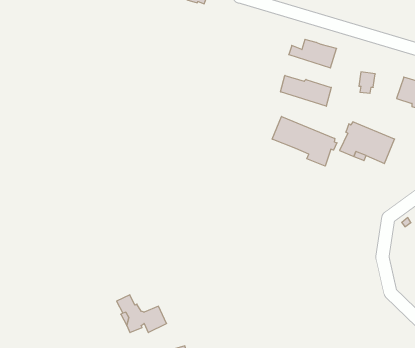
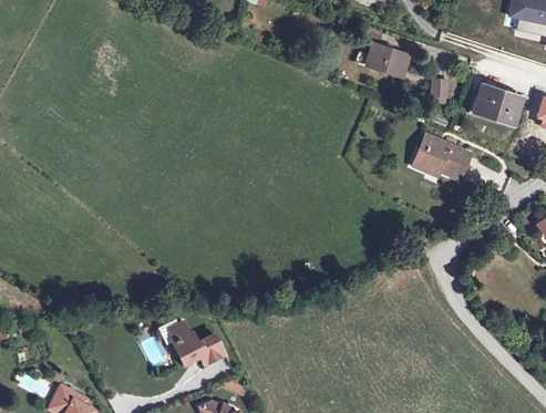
building: [281,75,331,106] -> none
building: [272,116,337,166] -> none

